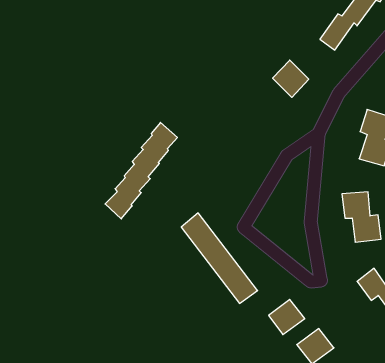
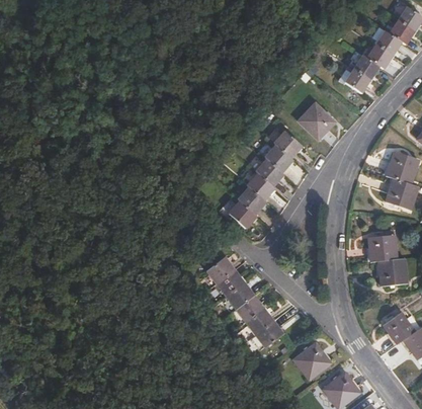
building: [105,122,177,219] -> [228,130,301,227]

